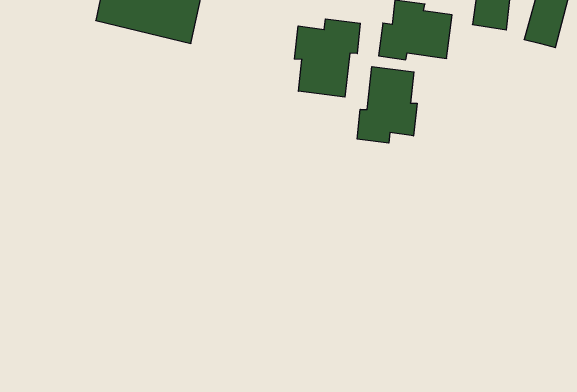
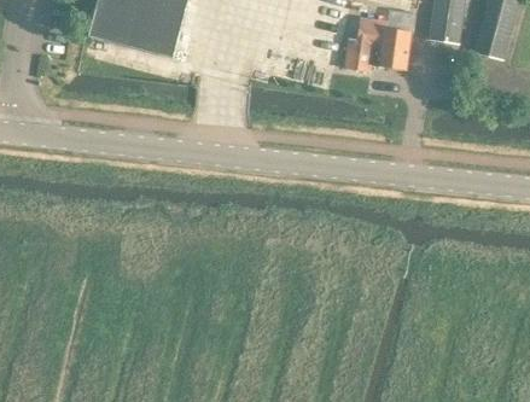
building: [294,19,360,97] -> none
building: [357,67,417,143] -> none

